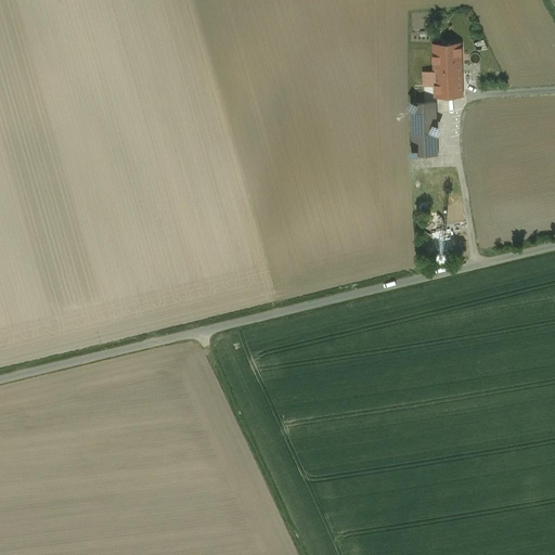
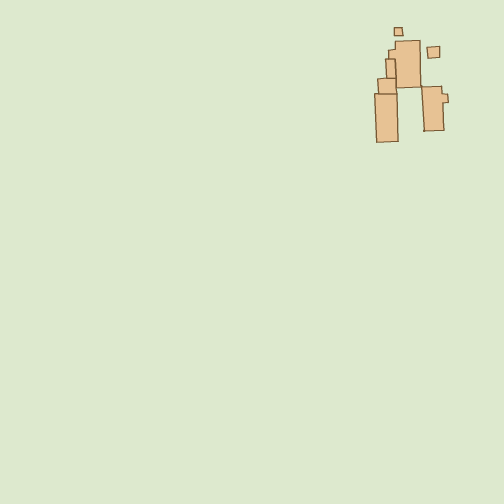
building: none -> [422,86,448,131]

